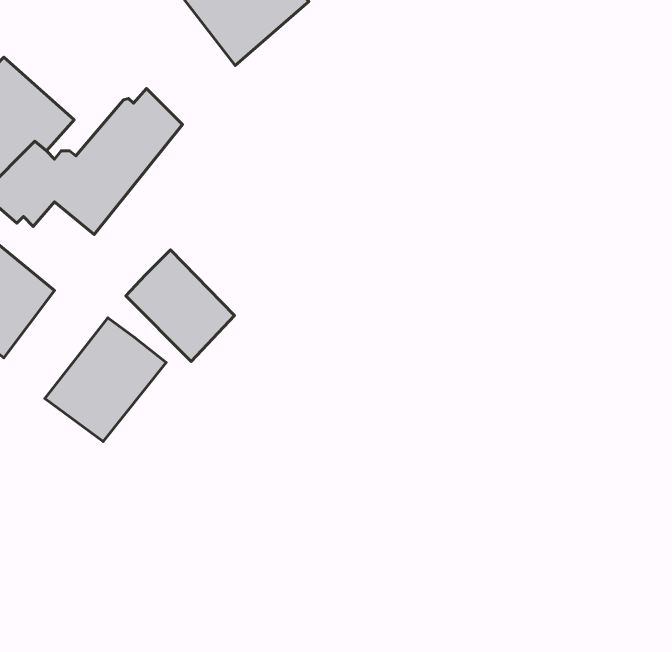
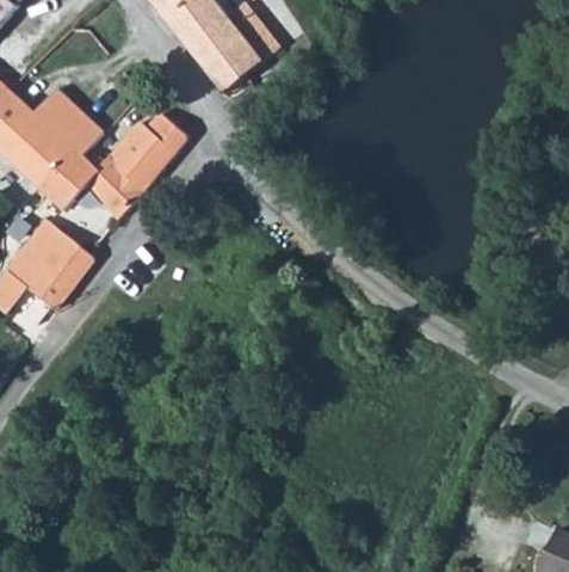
building: [126,250,235,361] -> none
building: [45,318,166,441] -> none

